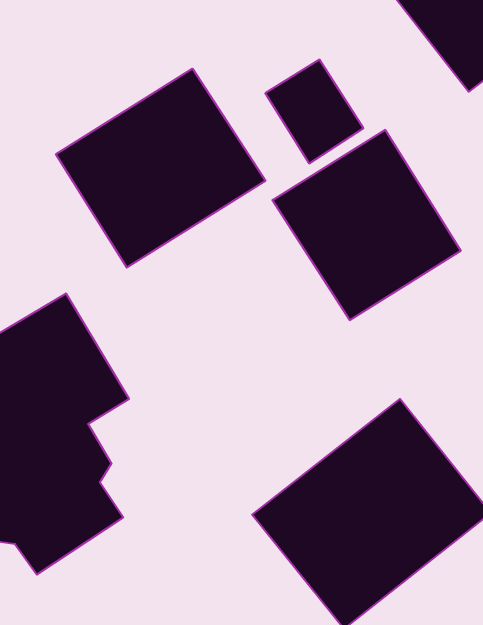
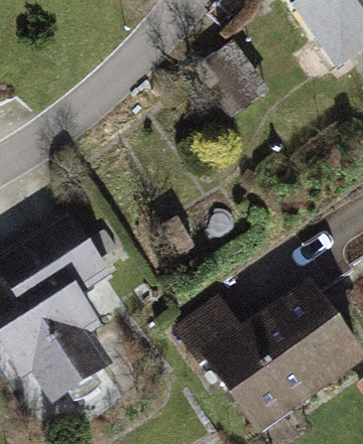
building: [56,69,265,268] -> none
building: [272,130,461,320] -> none

